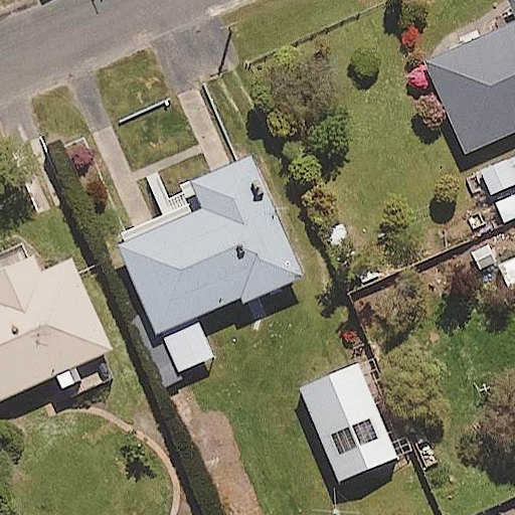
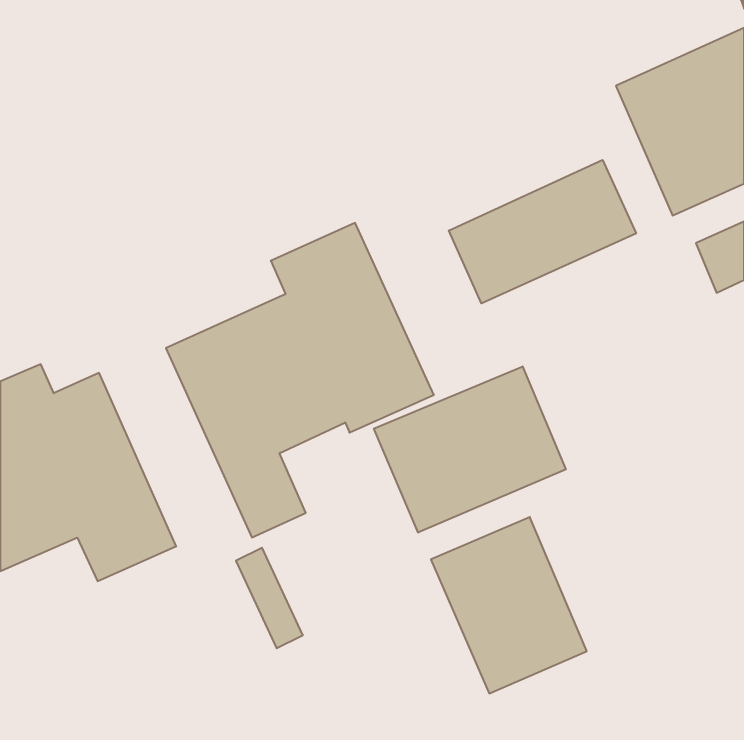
building: none -> [449,160,636,303]
building: none -> [374,366,566,533]

